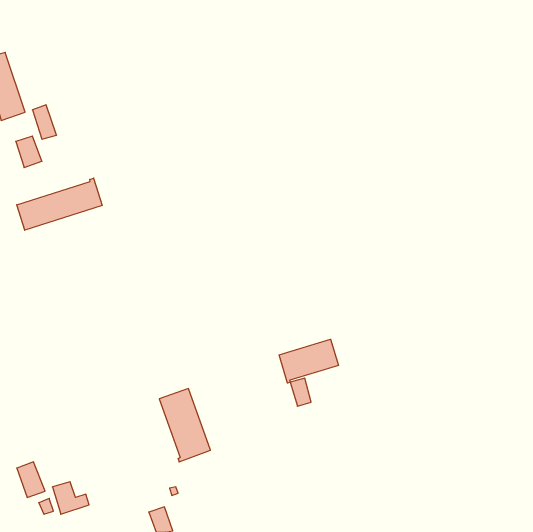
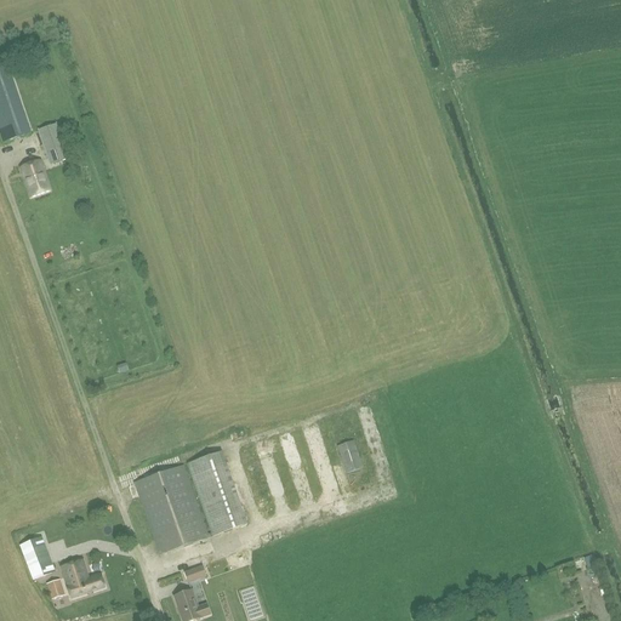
building: [17,178,102,230] -> none
building: [279,339,339,383] -> none
building: none -> [133,462,207,552]

